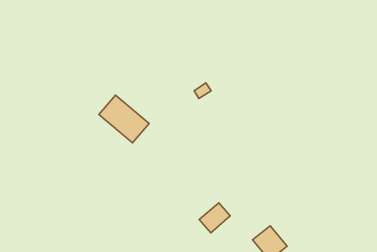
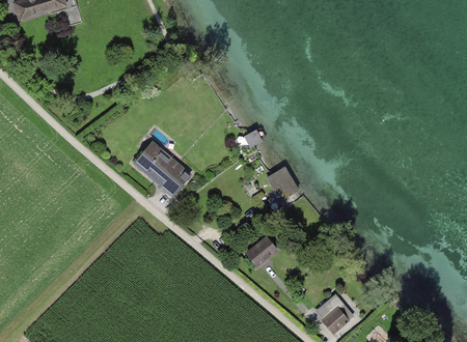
building: none -> [266,167,298,197]
building: [199,203,230,233] -> [243,234,279,269]

